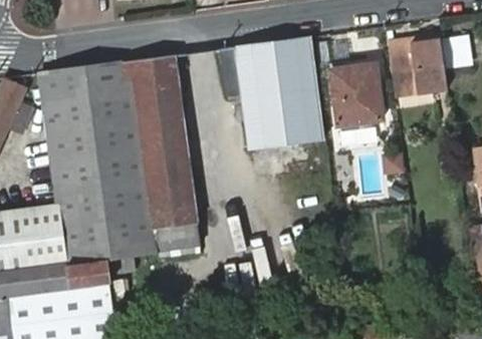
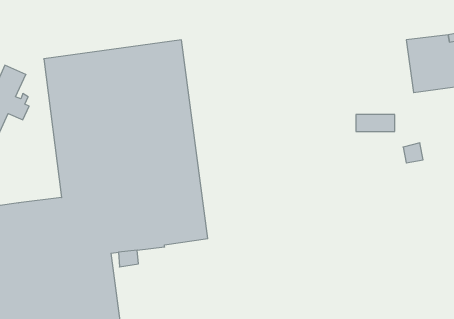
building: [219,36,323,147] -> none
building: [329,63,383,124] -> none

